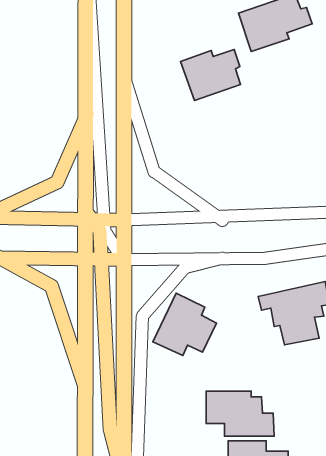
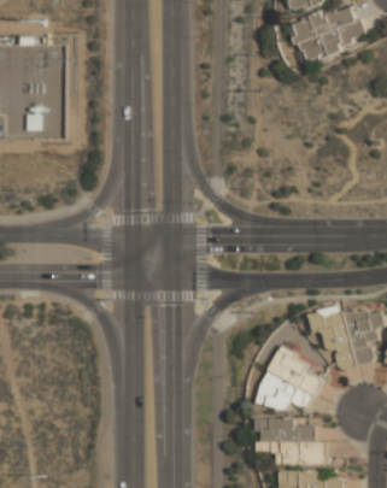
building: [181,50,241,101] -> none
building: [153,293,216,356] -> [254,348,321,413]

